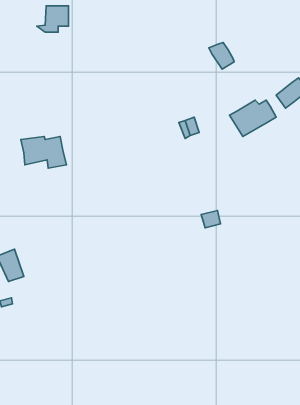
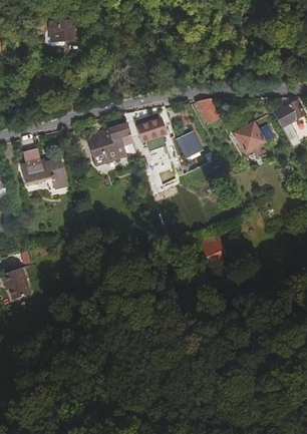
building: [209,43,234,69] -> [196,100,221,126]
building: none -> [136,116,164,146]
building: none -> [86,122,133,165]

